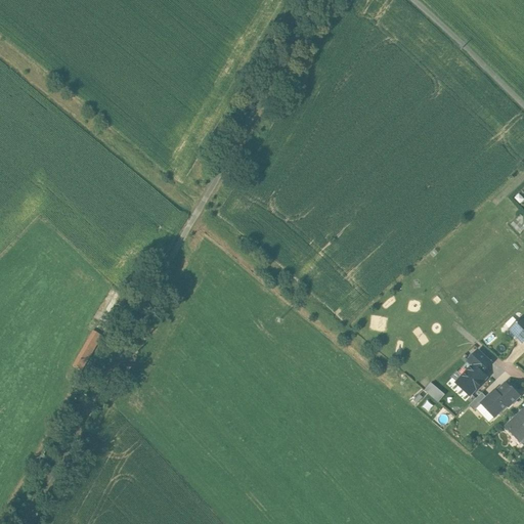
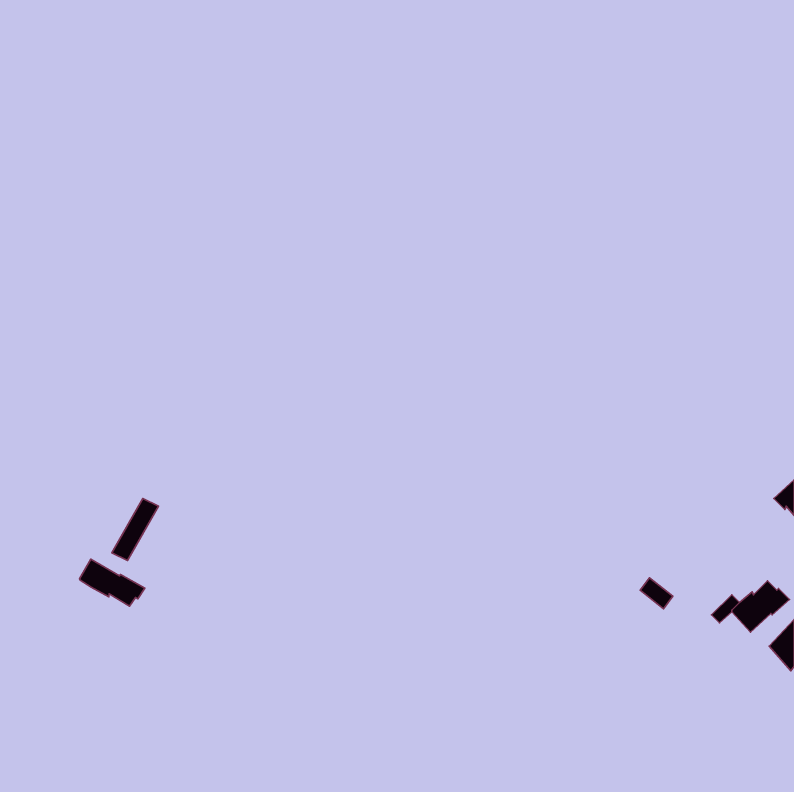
building: [456,350,491,395] -> none
building: none -> [79,559,145,606]

